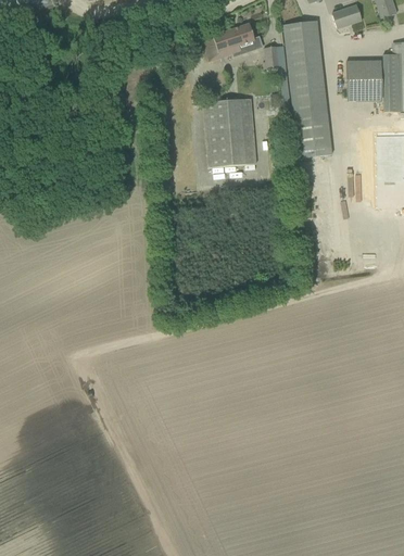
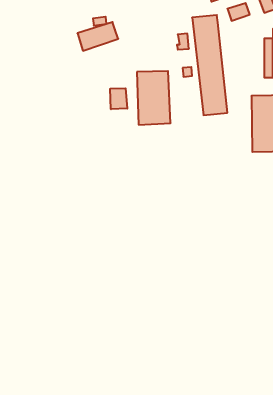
building: [203,24,258,63] -> [77,22,118,51]
building: [345,60,382,100] -> none
building: none -> [110,88,127,109]

